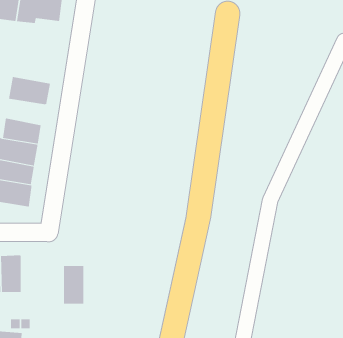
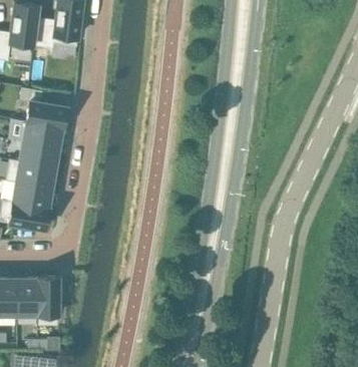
building: none -> [22,123,62,149]
building: [63,265,84,304] -> [38,277,59,315]

